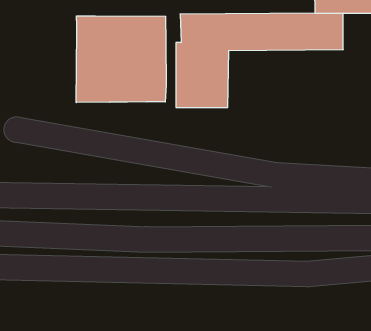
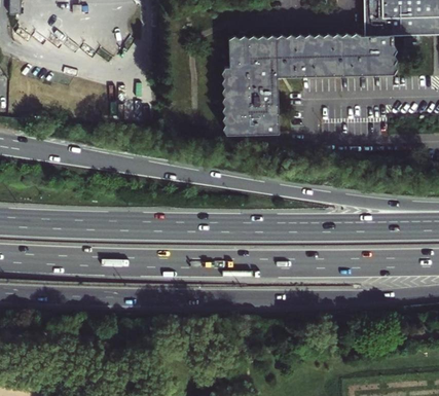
building: [76,16,166,103] -> none

